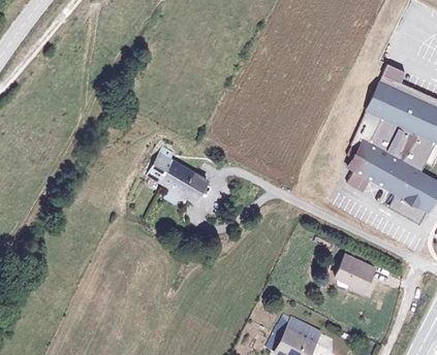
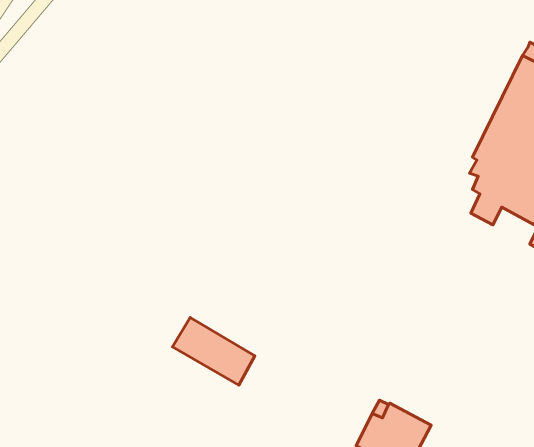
building: [150,155,208,202] -> [172,318,255,385]
building: [336,255,374,289] -> none

